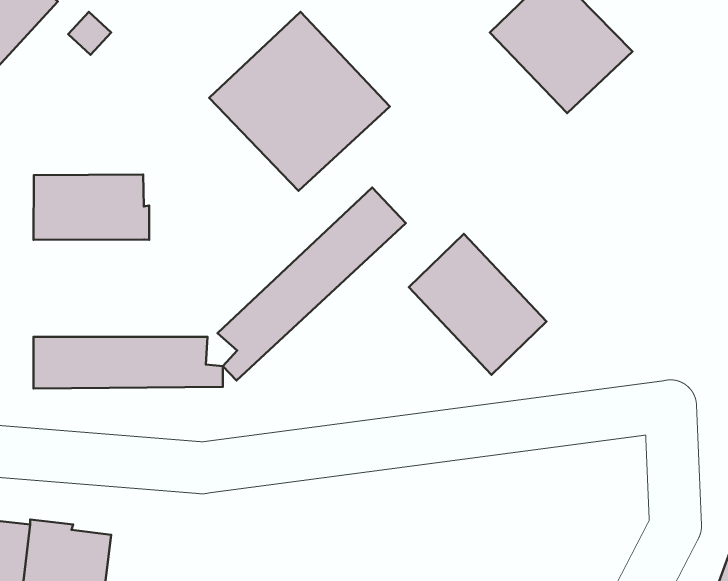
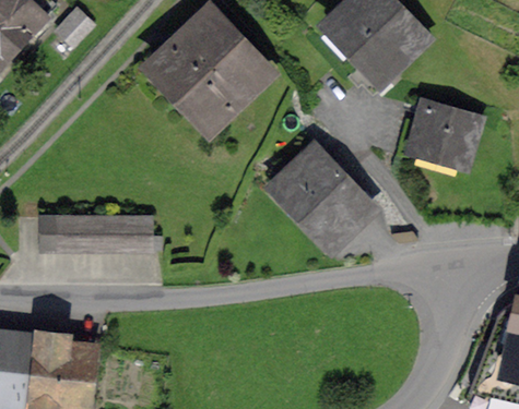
building: none -> [414,106,473,158]
building: [33,175,149,240] -> none
building: [218,188,406,381] -> none

